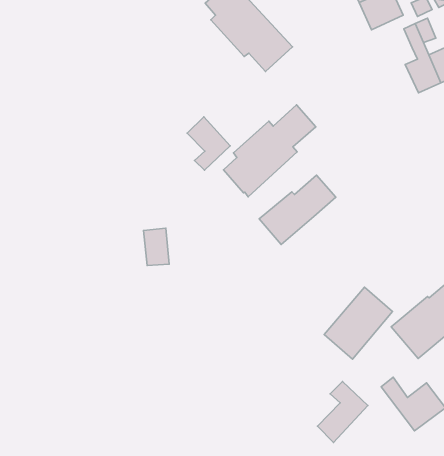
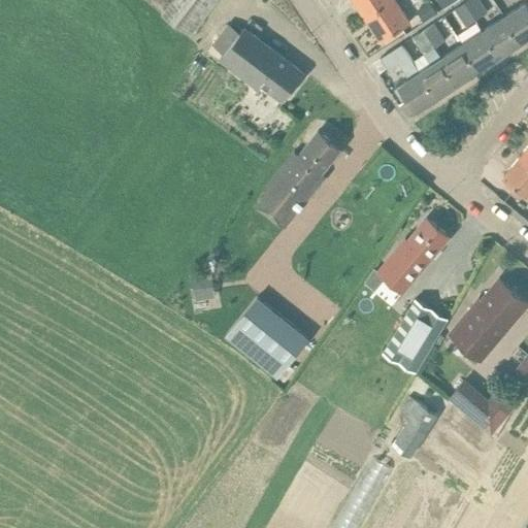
building: none -> [381,45,437,113]
building: [187,117,230,170] -> none
building: [259,175,336,244] -> [377,219,450,293]
building: none -> [225,297,308,378]

